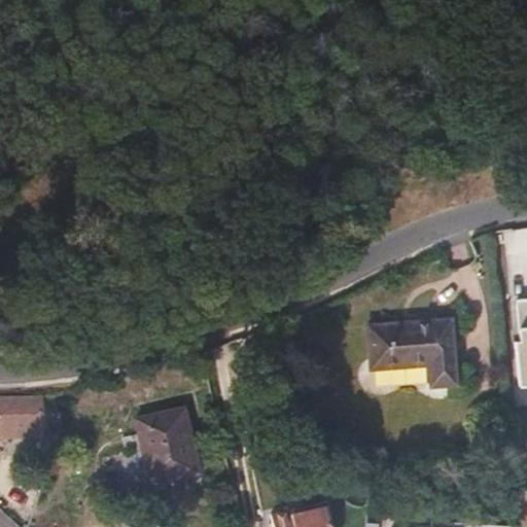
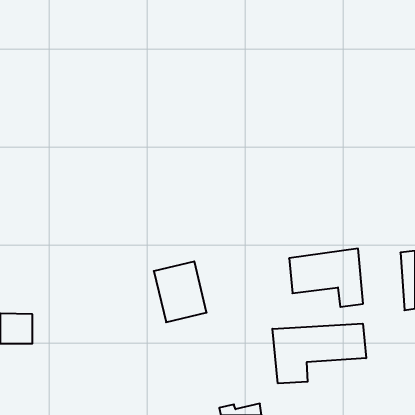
building: [133,408,200,485] -> [154,261,207,322]
building: none -> [272,324,366,383]

